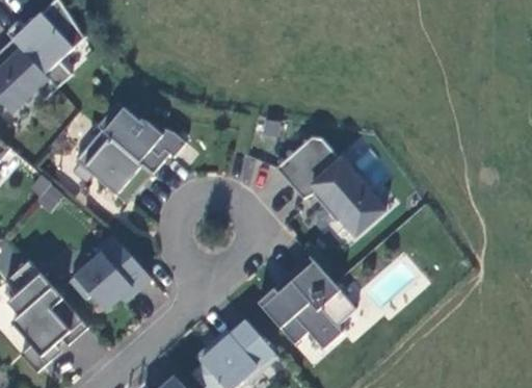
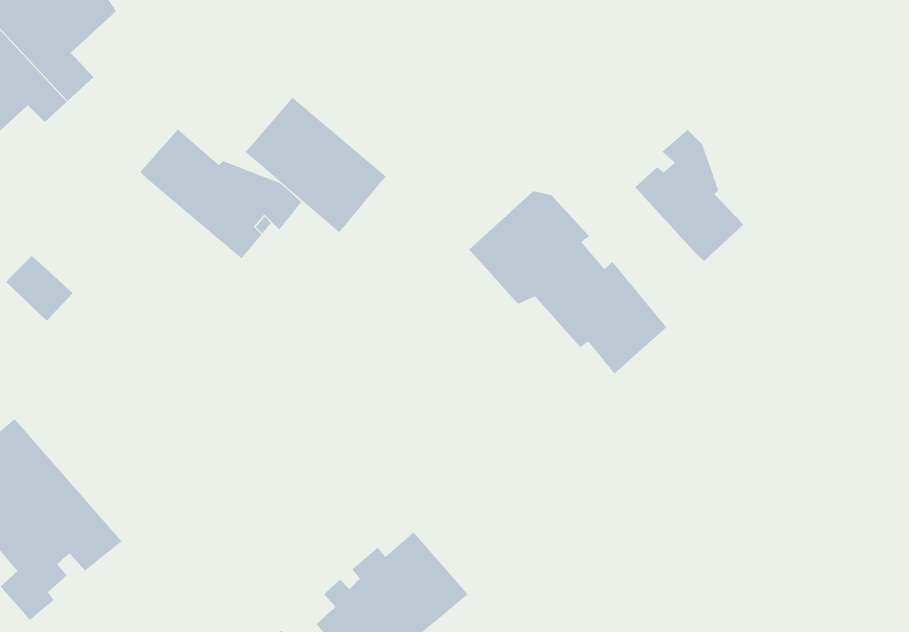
building: none -> [635,129,744,262]
building: [75,129,153,204] -> [245,97,387,233]
building: [70,235,152,311] -> none
building: [259,257,357,350] -> none

